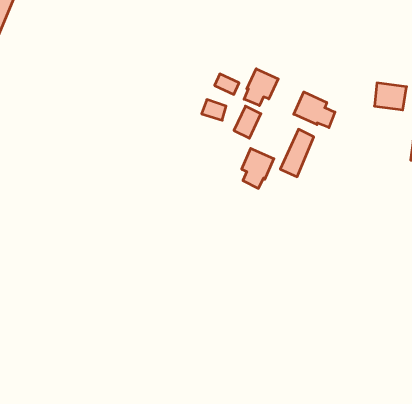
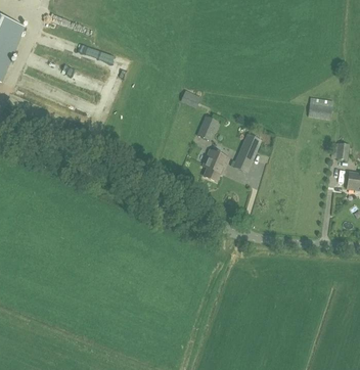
building: [244,69,278,106] -> none
building: [294,92,335,128] -> none

